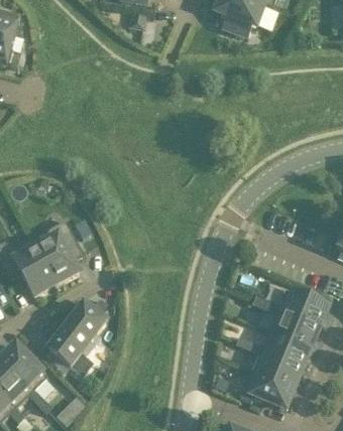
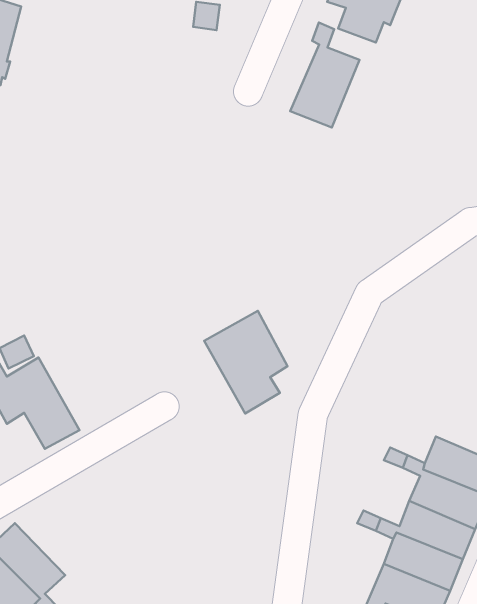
building: none -> [290,23,359,128]
building: [30,219,84,284] -> [204,311,288,413]
building: [48,297,107,372] -> none

